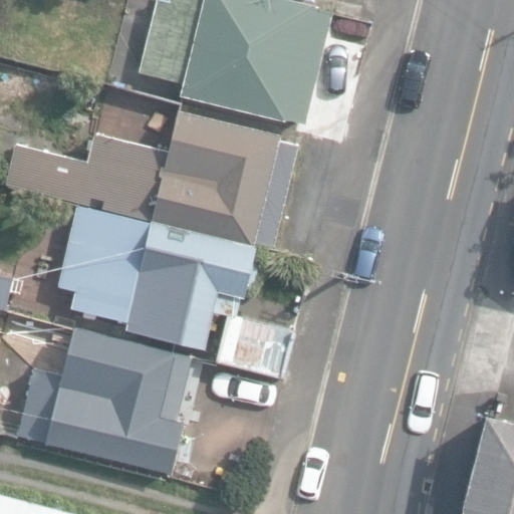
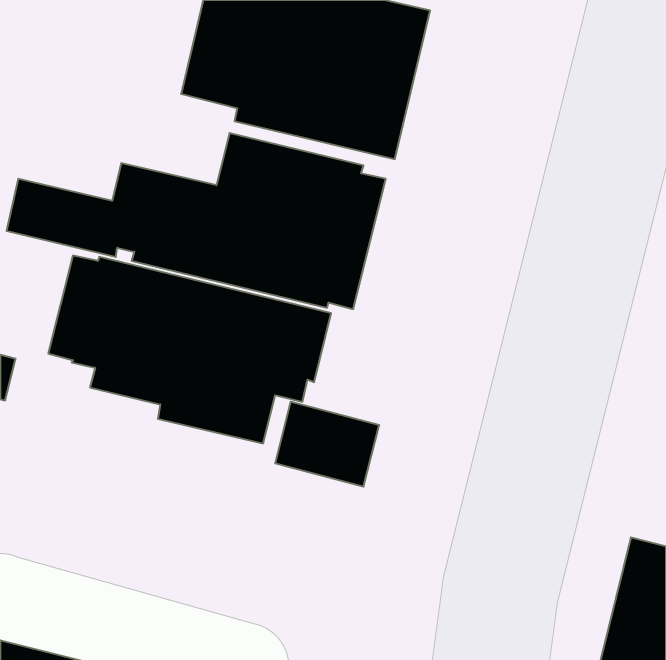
building: [17,329,192,478] -> none

